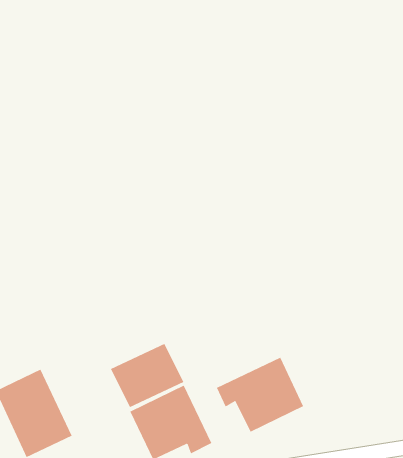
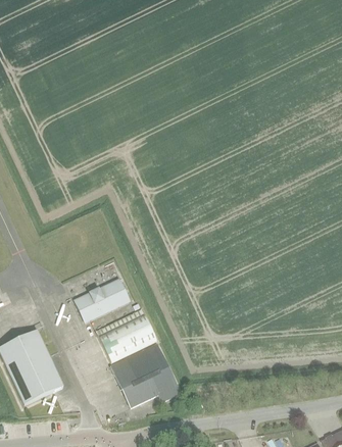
building: none -> [74,279,131,325]
building: [216,357,304,432] -> none

